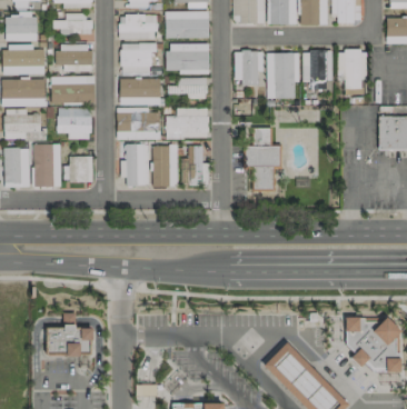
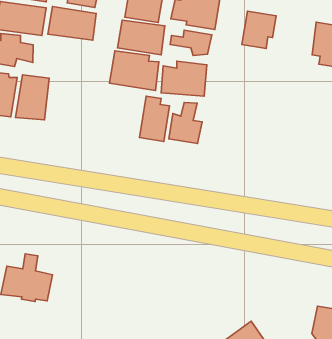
building: [267,52,299,98] -> none
building: [57,108,92,138] -> none
building: [245,126,281,190] -> none
building: [127,142,148,186] -> none
building: [64,156,95,181] -> none

